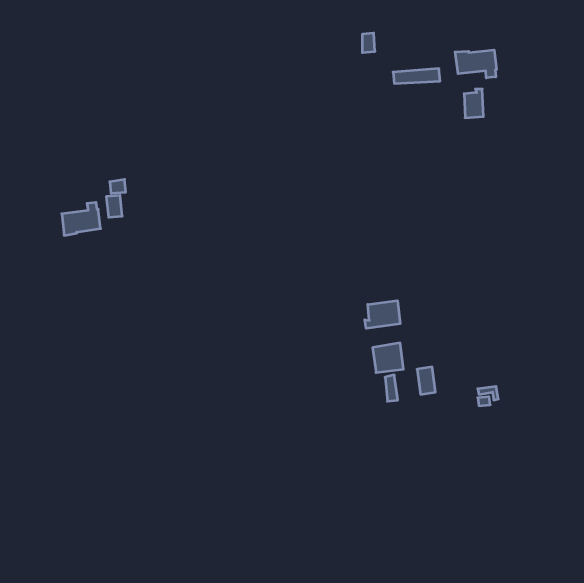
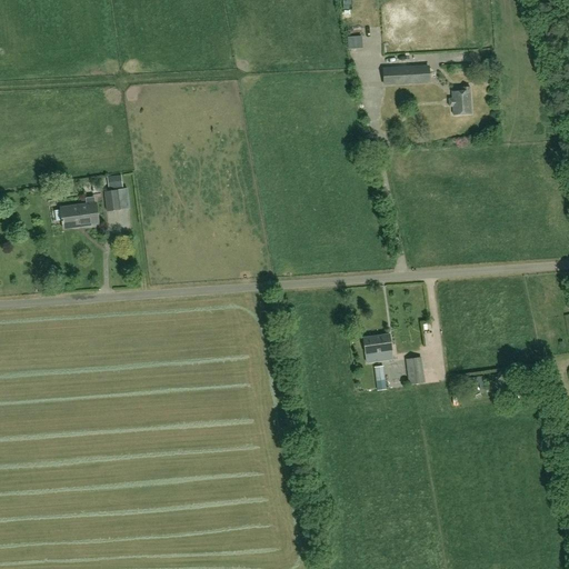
building: [455,50,496,78] -> none
building: [365,301,400,328] -> none

